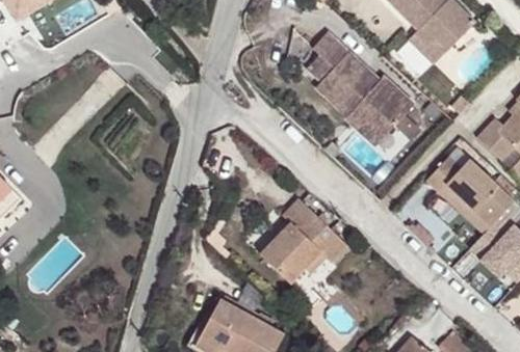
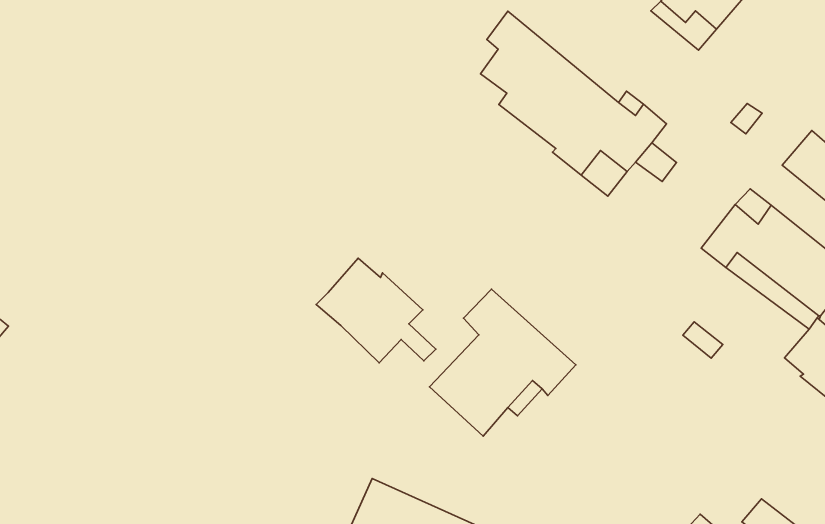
building: none -> [316,258,436,363]

